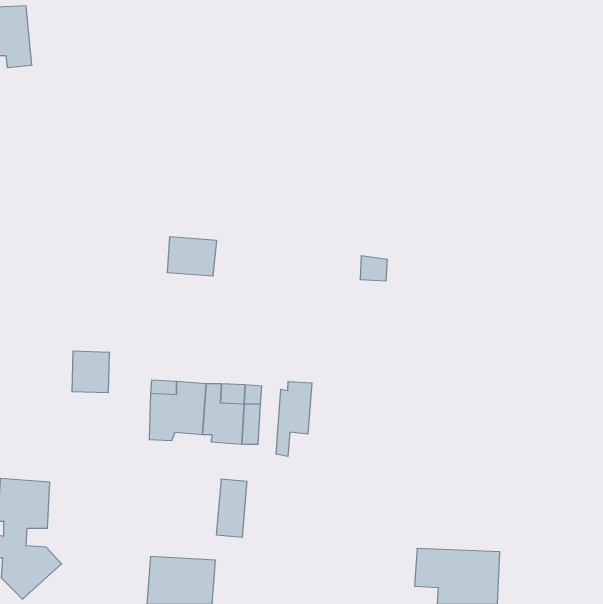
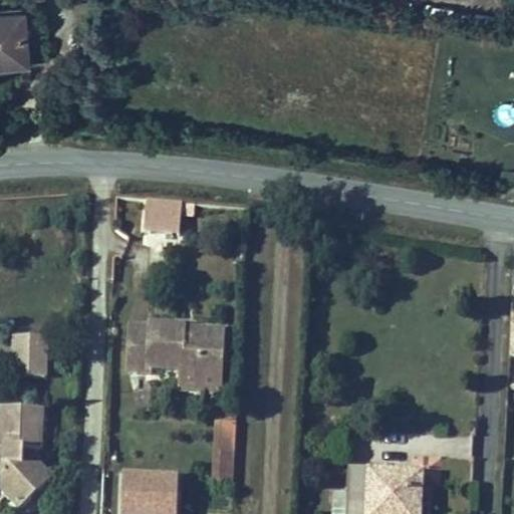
building: [72,351,110,393] -> [15,337,47,372]
building: [276,381,312,456] -> none
building: [216,479,247,537] -> [211,430,237,479]

